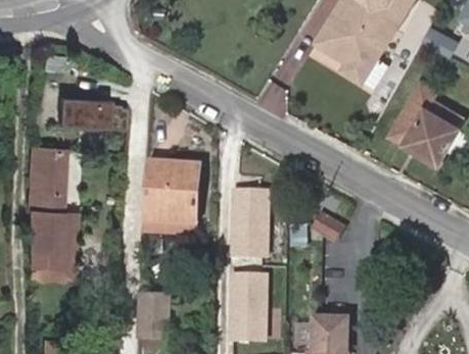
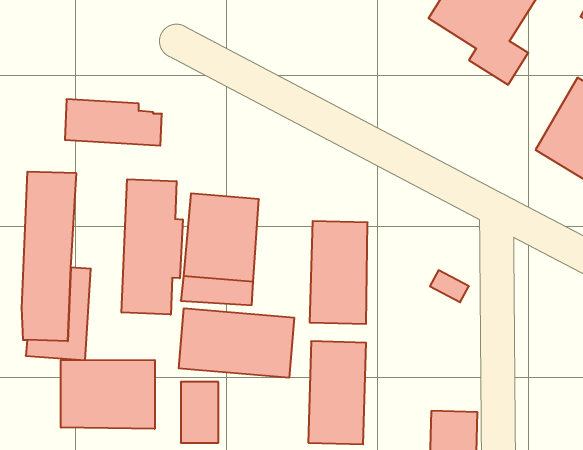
building: none -> [122,179,183,315]
building: none -> [179,308,294,378]
building: none -> [61,360,155,429]

